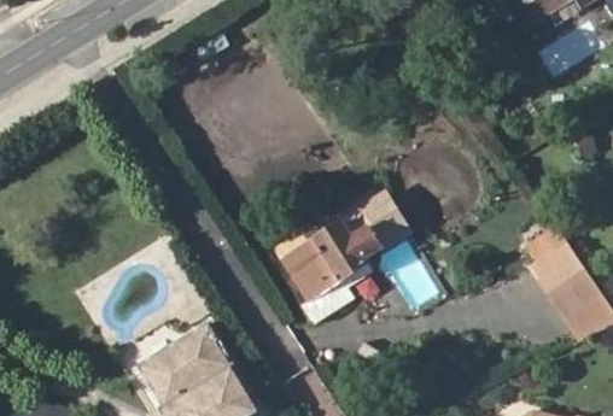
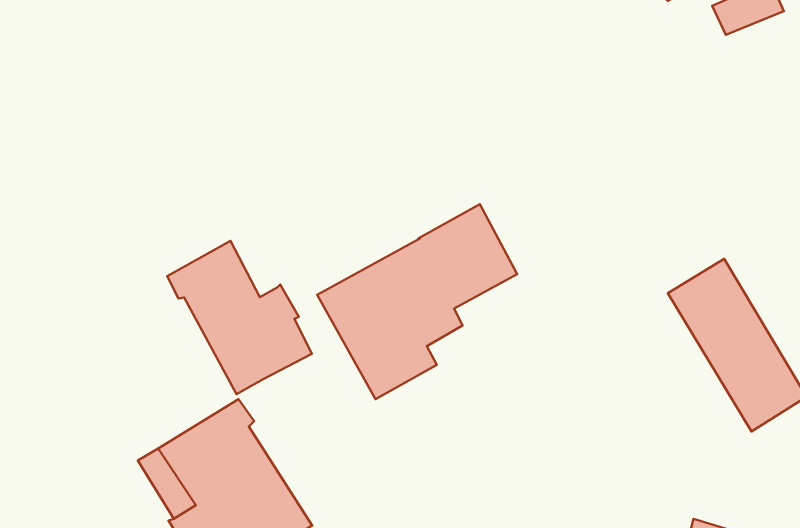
building: none -> [167,241,312,394]

